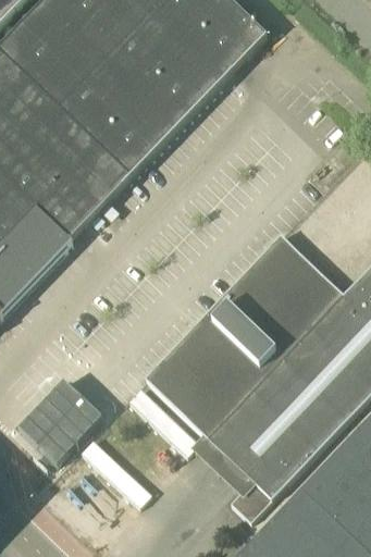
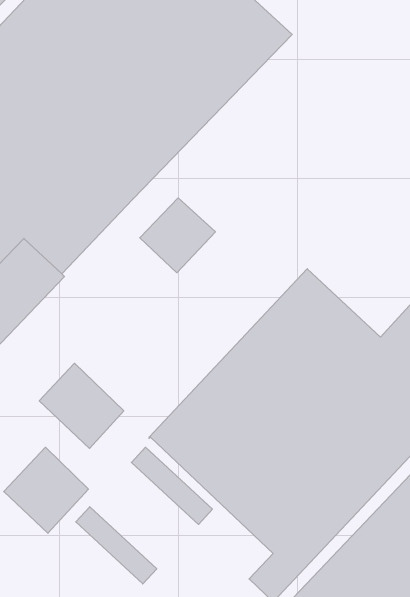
building: none -> [140,198,215,273]
building: none -> [39,363,124,448]

